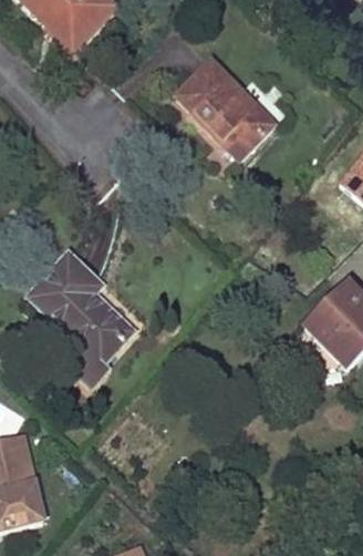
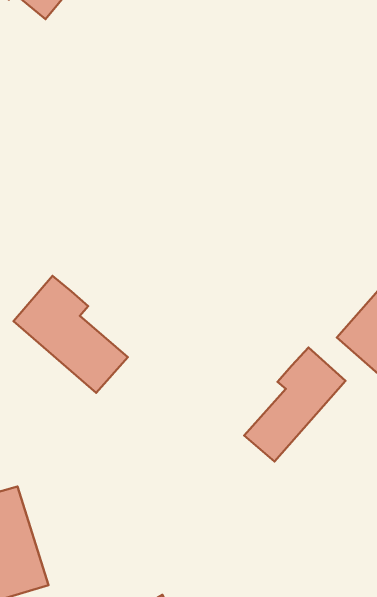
building: [176,60,272,157] -> none
building: none -> [244,348,346,461]

